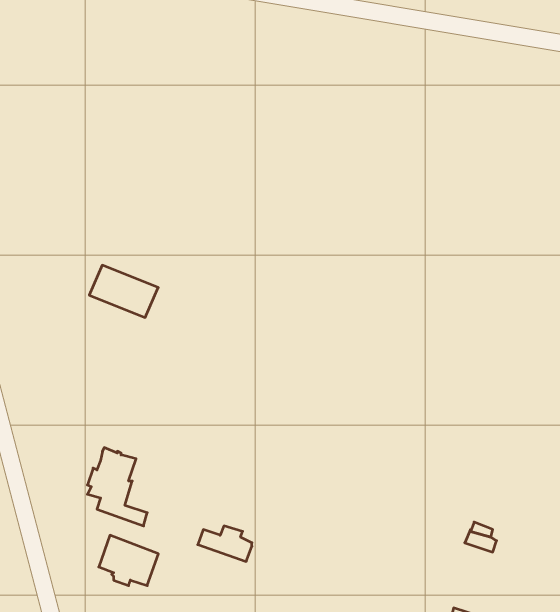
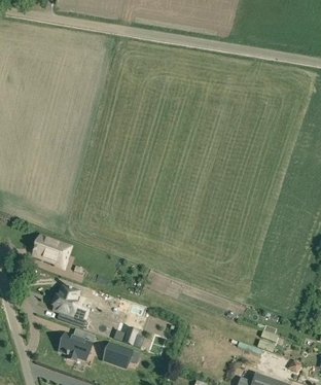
building: [89,265,158,317] -> [34,235,72,264]
building: none -> [103,341,133,366]

